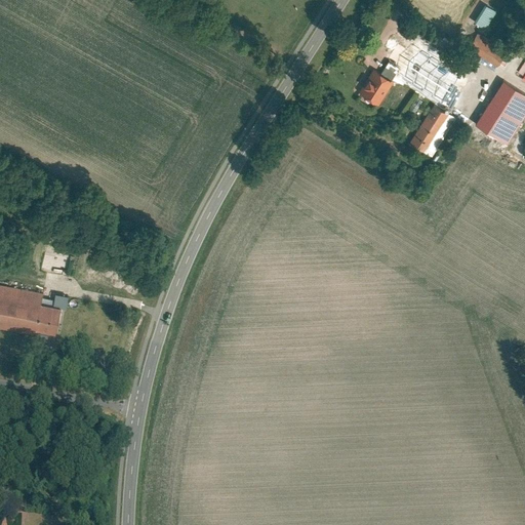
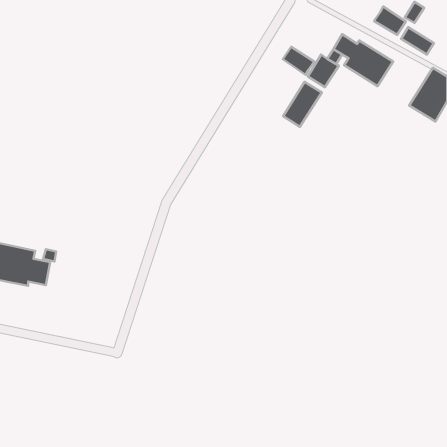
building: none -> [374,7,406,35]
building: none -> [283,47,314,75]
building: [410,106,455,158] -> [283,82,322,127]

